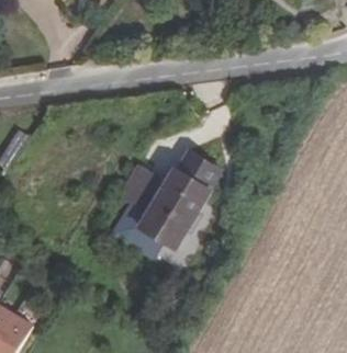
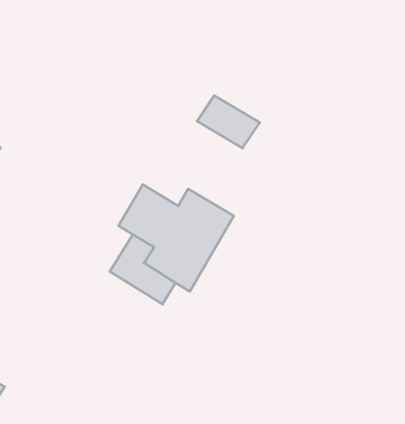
building: [174,149,222,190] -> [197,96,260,148]

